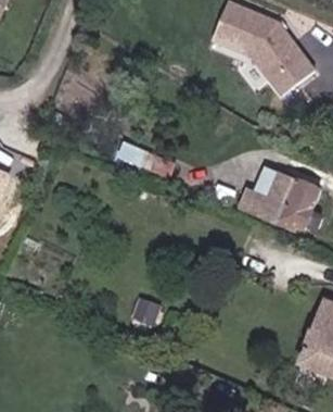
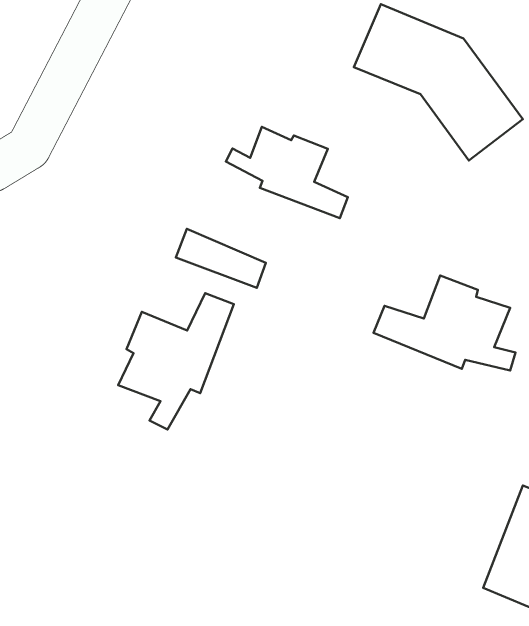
building: none -> [226,127,348,218]
building: none -> [118,293,234,429]

